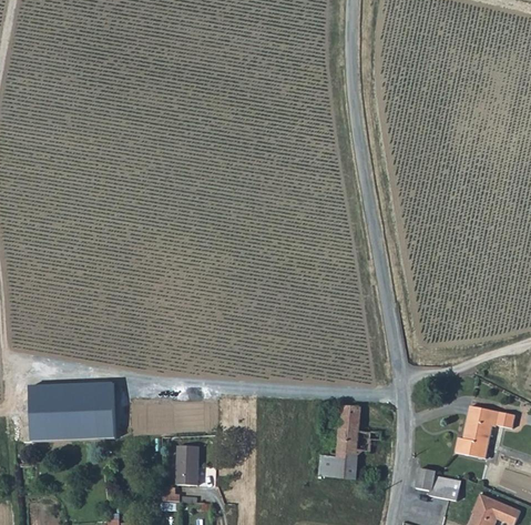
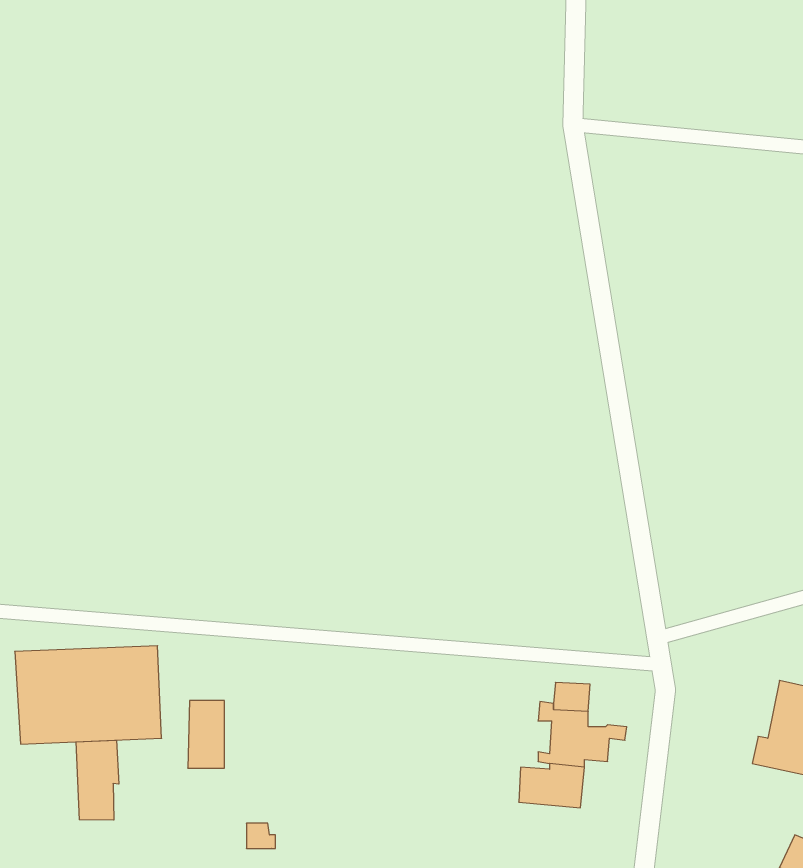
building: none -> [76,740,119,820]
building: [176,445,197,484] -> [188,701,224,768]
building: [416,468,458,499] -> none

